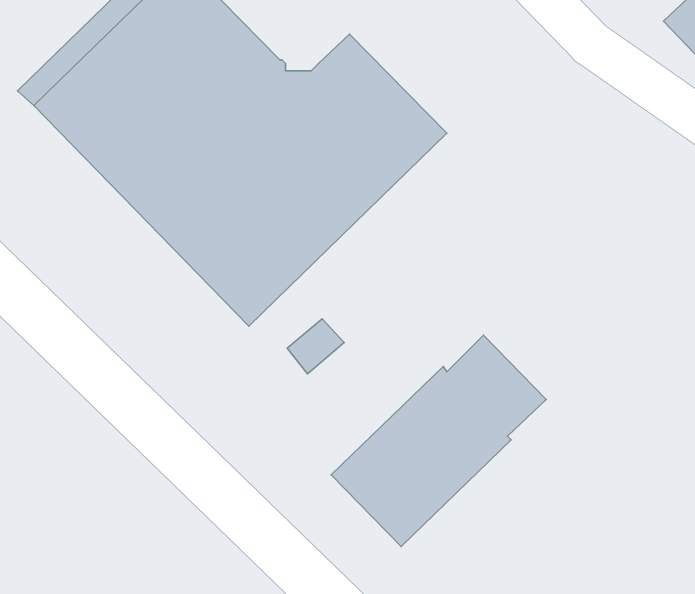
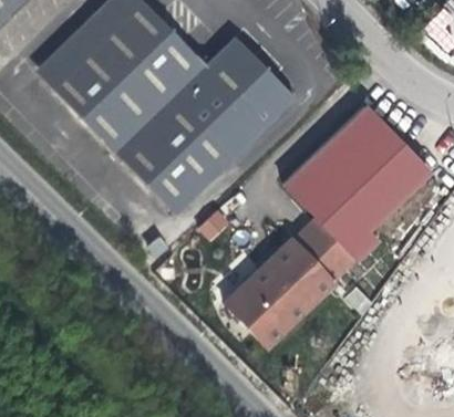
building: none -> [283,105,430,260]

